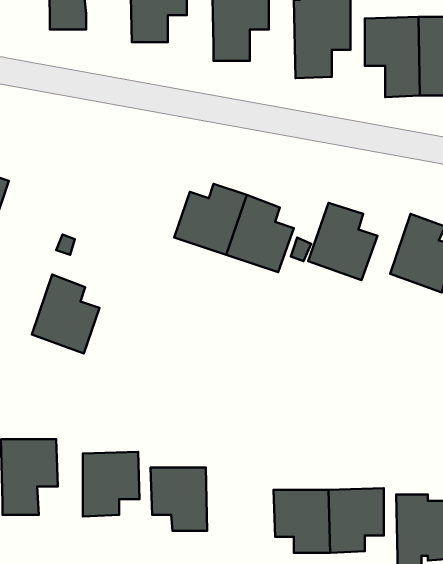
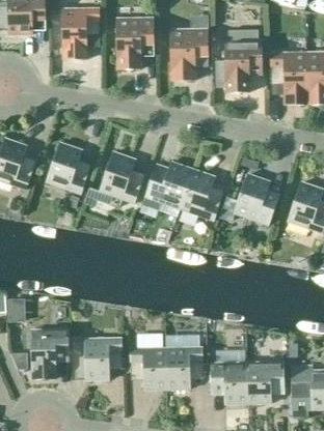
building: none -> [99,151,143,203]
building: [32,275,99,353] -> [46,142,90,194]
building: none -> [165,347,201,390]

